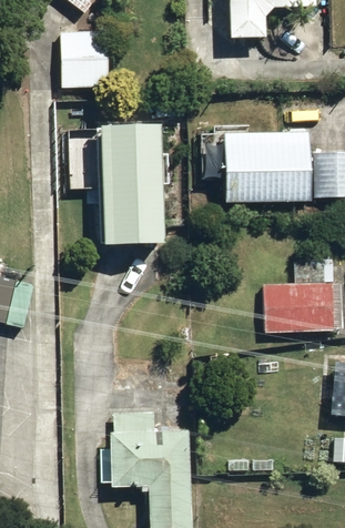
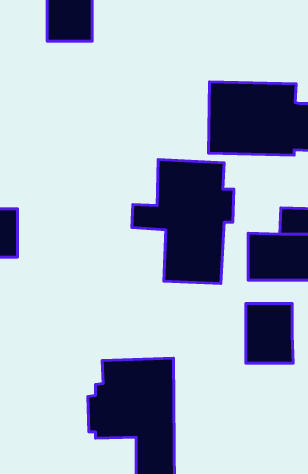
building: [67,119,170,244] -> [132,159,234,283]
building: none -> [246,304,293,363]

